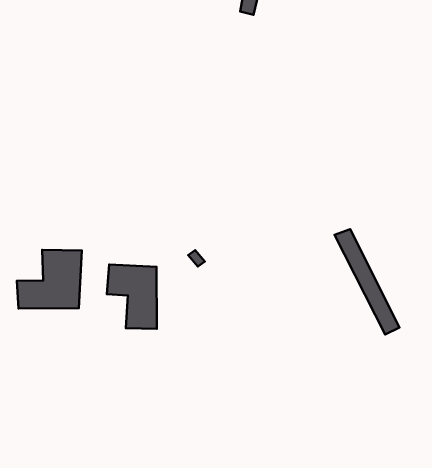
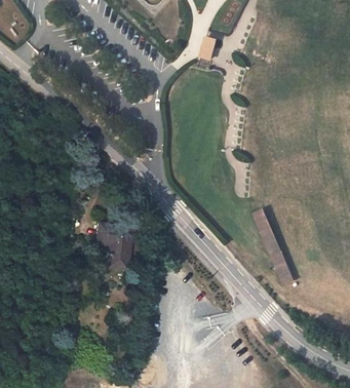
building: [17,250,82,309] -> none

